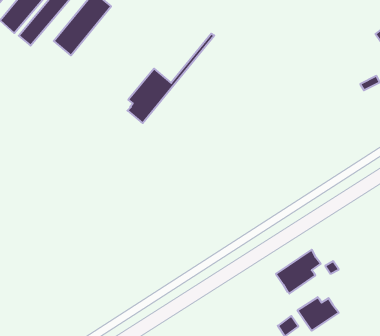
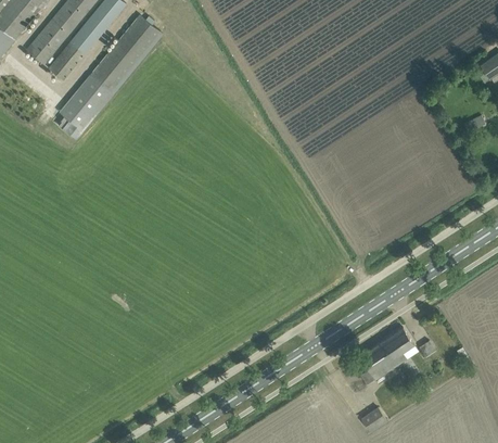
building: [127,34,214,123] -> [58,33,163,141]
building: [298,297,339,331] -> none

